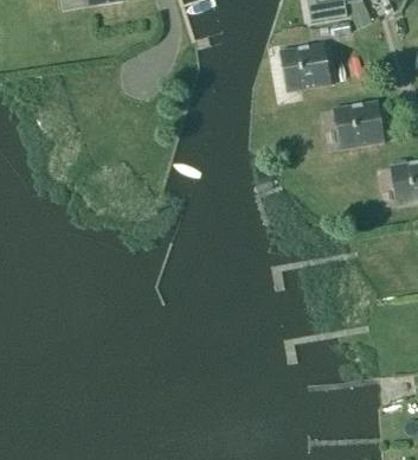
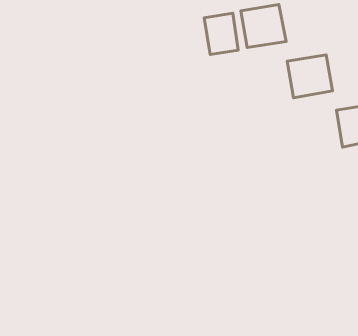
building: none -> [204,13,238,54]

